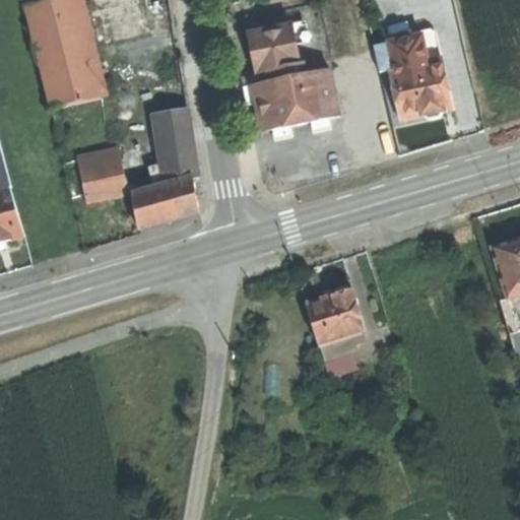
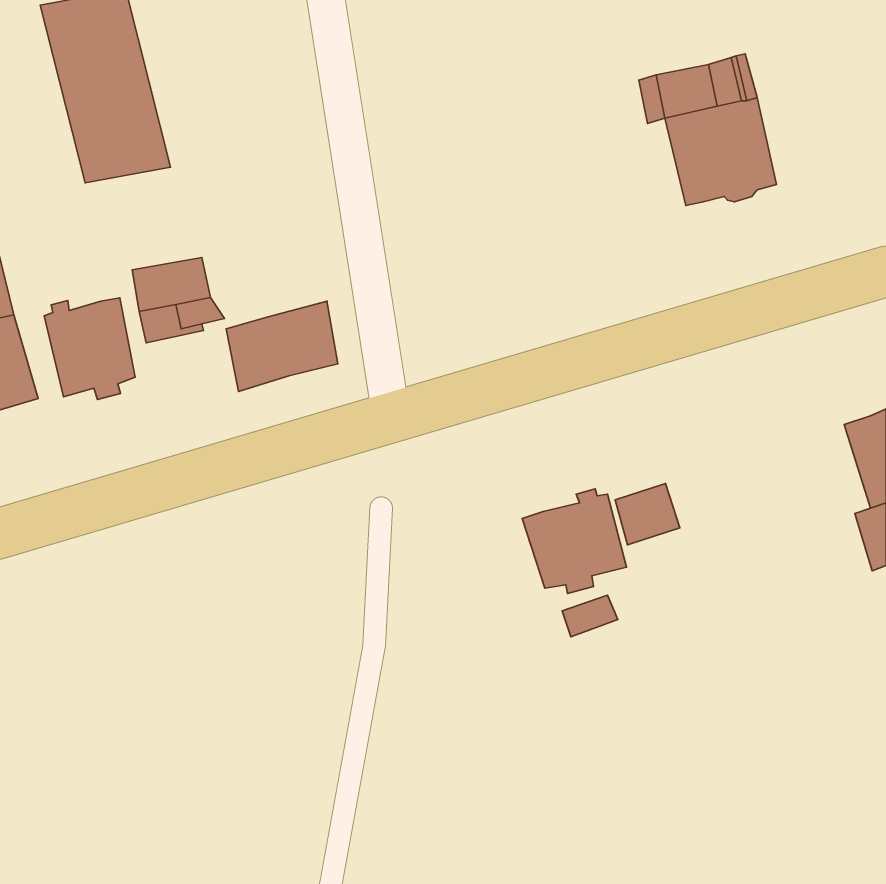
building: [247,22,338,127] -> none
building: [153,109,197,185] -> none
building: none -> [44,298,135,399]
building: none -> [615,484,680,545]

